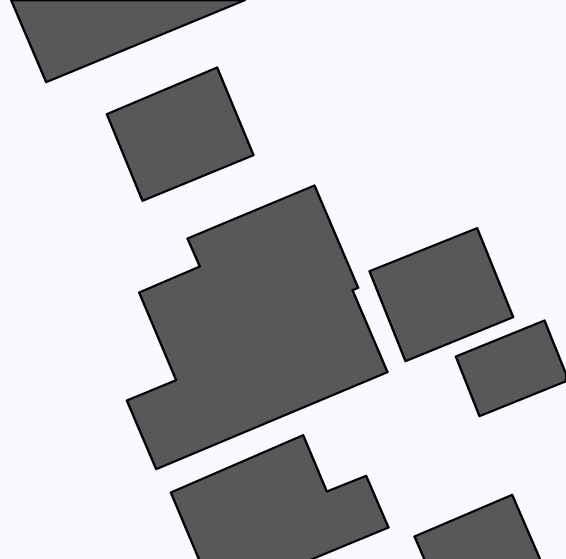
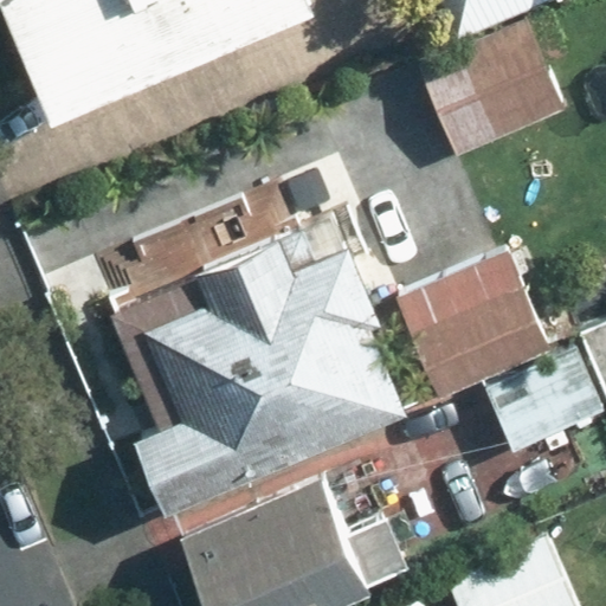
building: none -> [420,22,565,156]
building: [107,68,254,201] -> none

